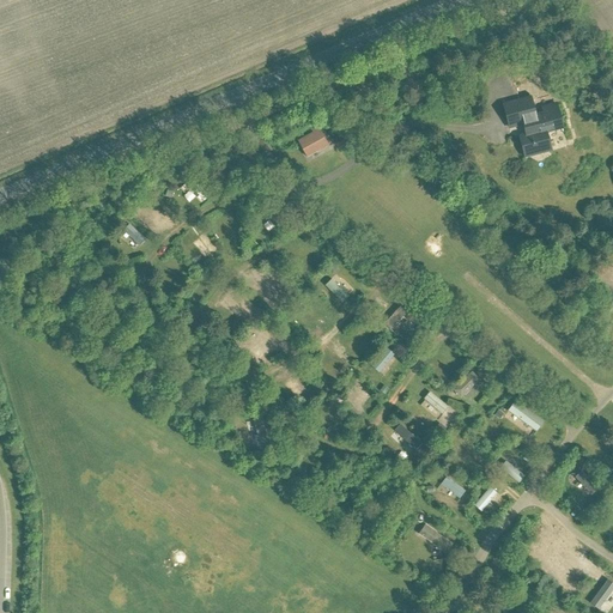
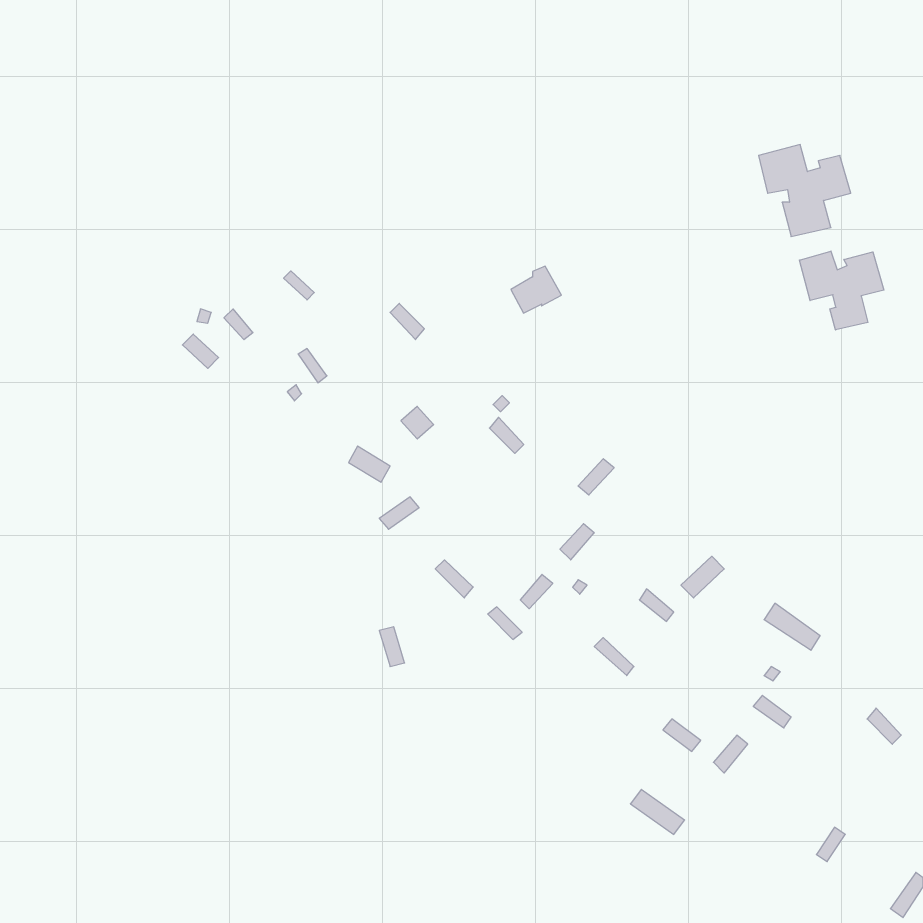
building: [298,126,332,157] -> [511,266,561,313]
building: none -> [799,251,884,330]

